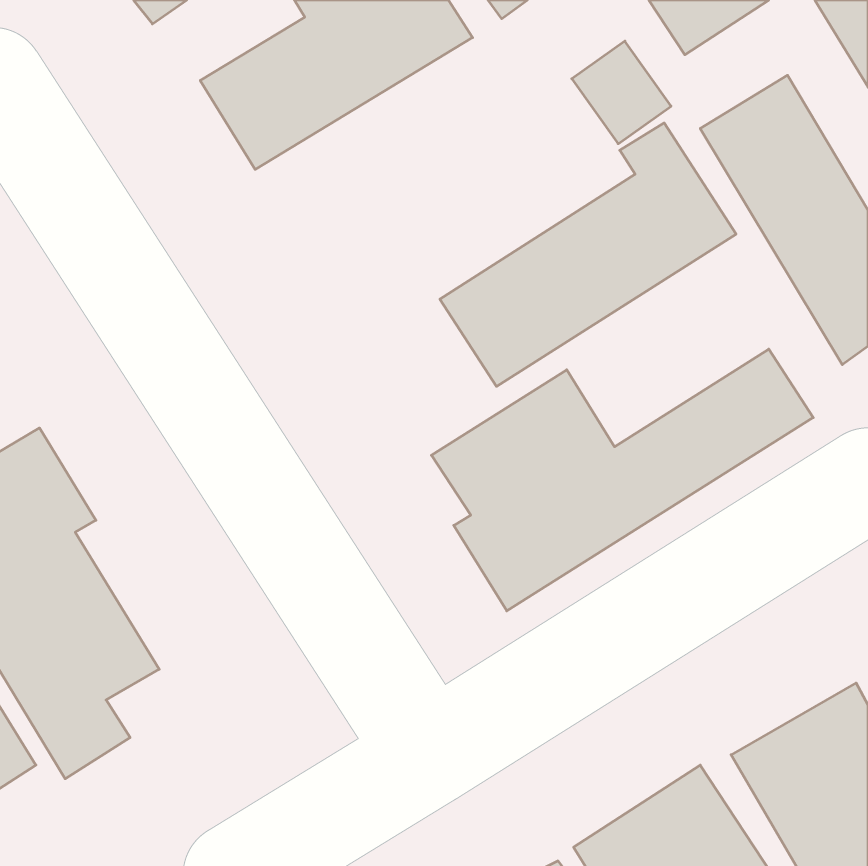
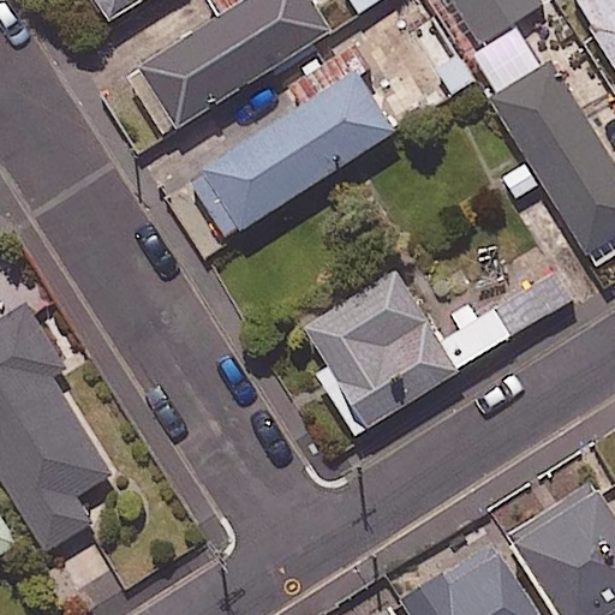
building: [440,123,736,386] -> [187,52,395,237]

